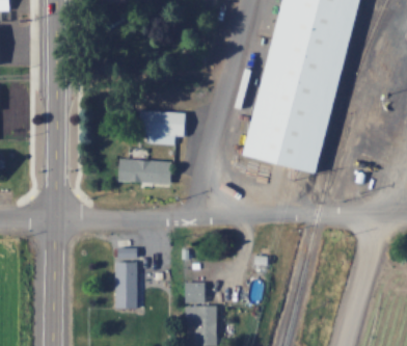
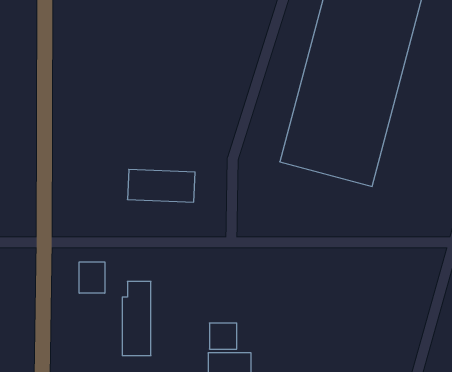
building: [138,111,187,145] -> none
building: none -> [79,262,105,293]

